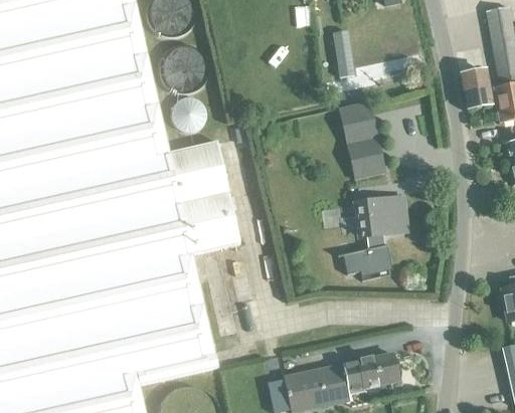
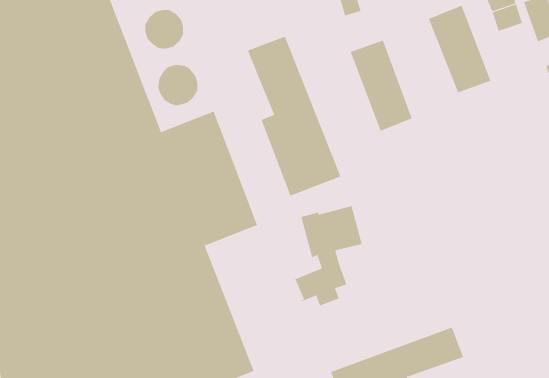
building: none -> [428,5,491,93]
building: none -> [247,36,341,196]
building: [343,199,405,280] -> [294,206,363,306]

